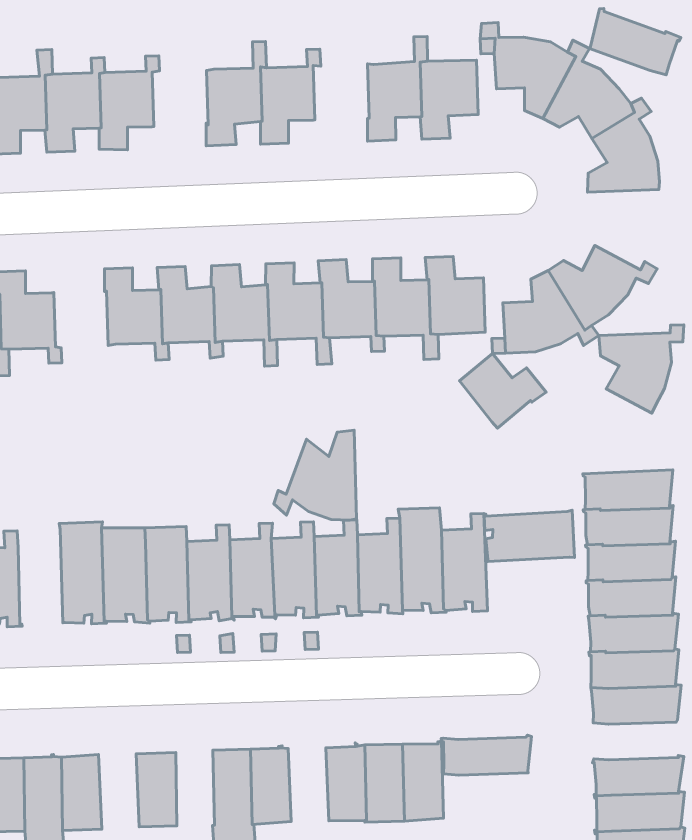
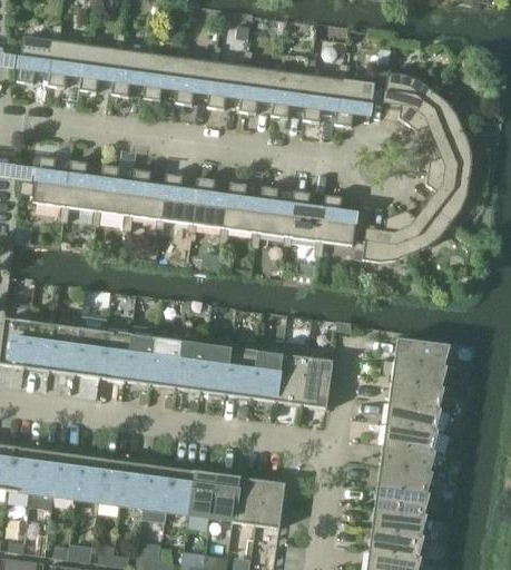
building: [589,9,681,75] -> none
building: none -> [272,59,316,118]
building: none -> [176,52,220,105]
building: none -> [98,165,134,230]
building: [599,325,684,413] -> [426,173,479,224]
building: [459,354,546,428] -> none
building: [274,430,356,520] -> none
building: [484,510,574,562] -> none
building: none -> [49,318,82,376]
building: [441,735,531,775] -> [374,487,430,515]
building: none -> [189,471,217,518]
building: none -> [121,462,150,509]
building: none -> [77,455,105,502]

